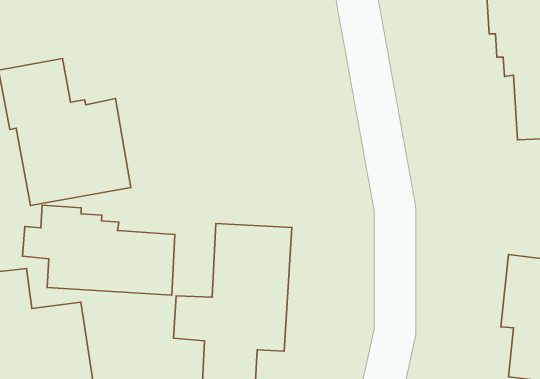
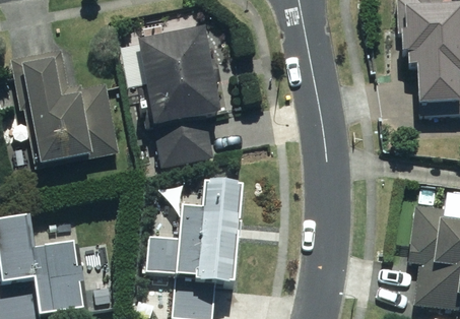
building: none -> [139,27,222,166]
building: [22,205,175,295] -> none

